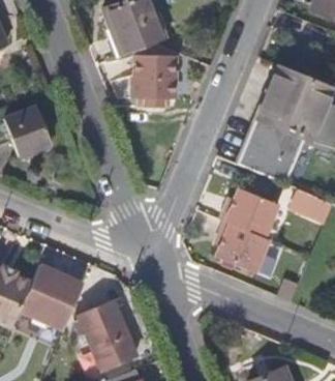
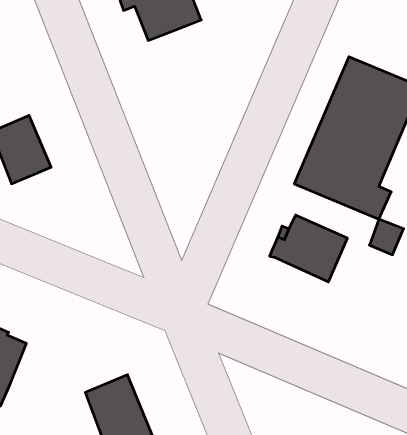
building: [133,58,171,106] -> none
building: [211,216,267,270] -> none
building: [21,265,85,331] -> none

